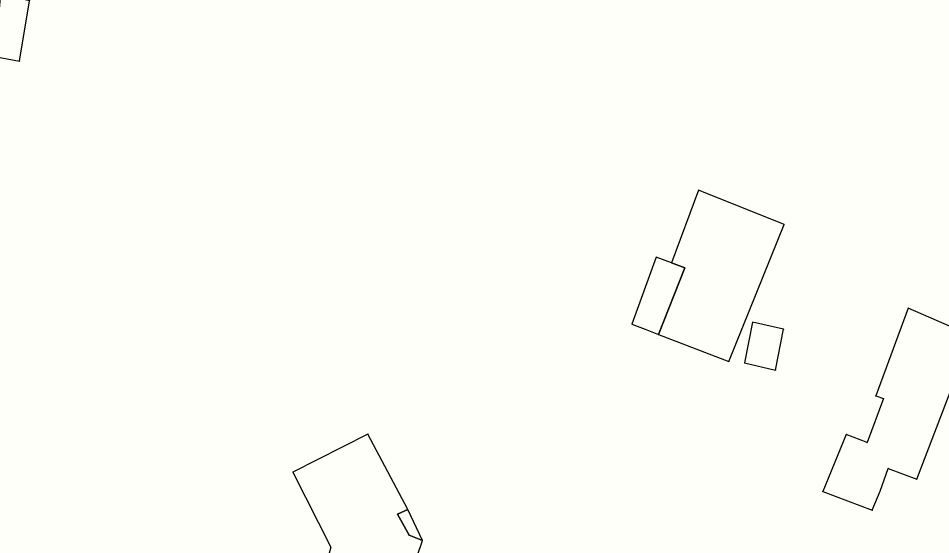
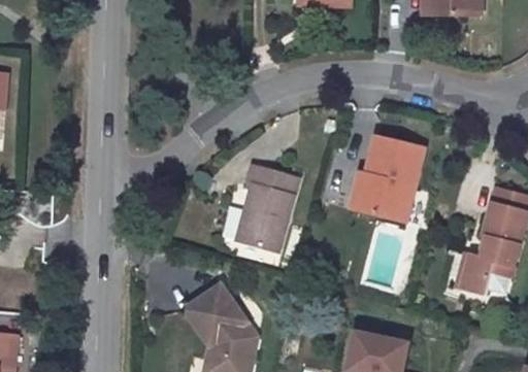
building: none -> [239,162,299,250]

